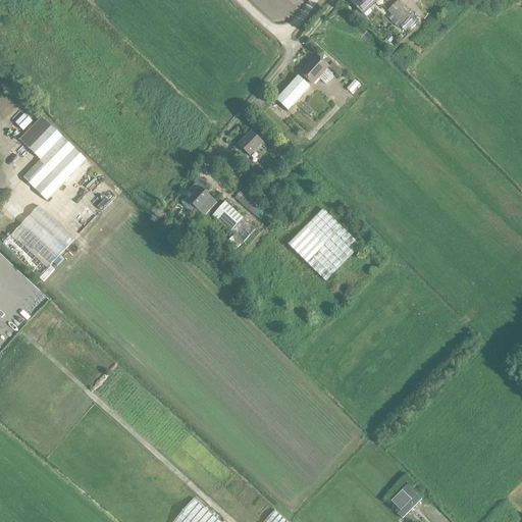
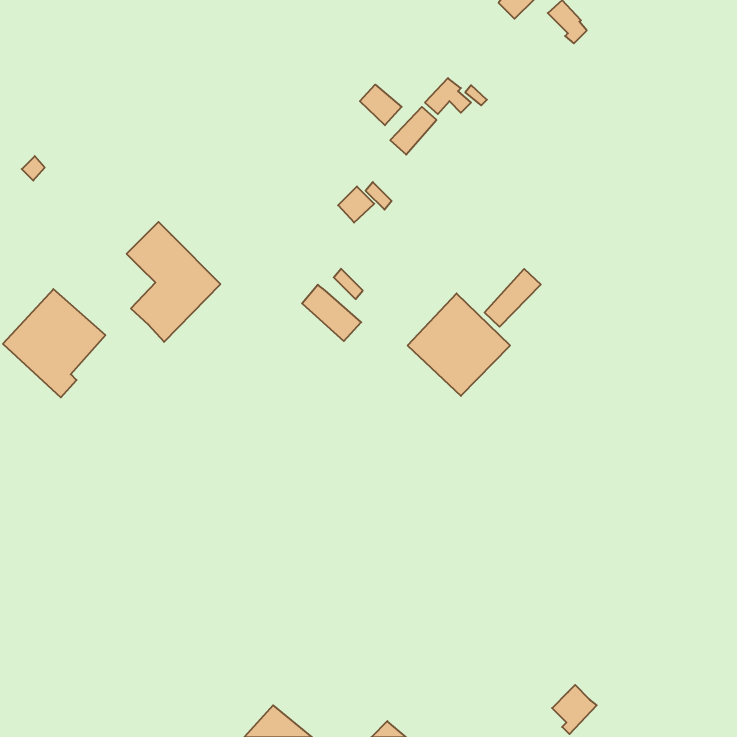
building: none -> [360,85,402,125]
building: [19,116,86,201] -> [127,222,220,342]
building: [188,187,215,214] -> none
building: none -> [485,269,541,327]

